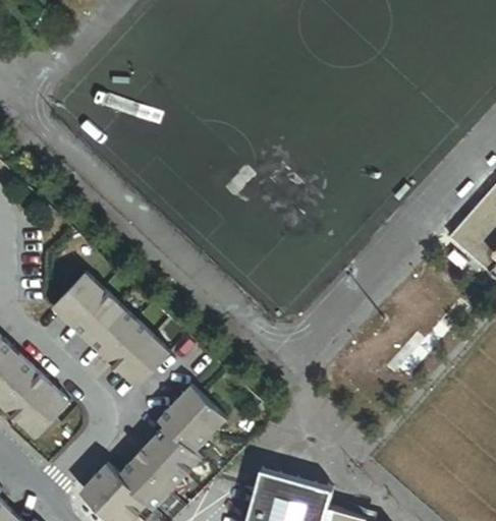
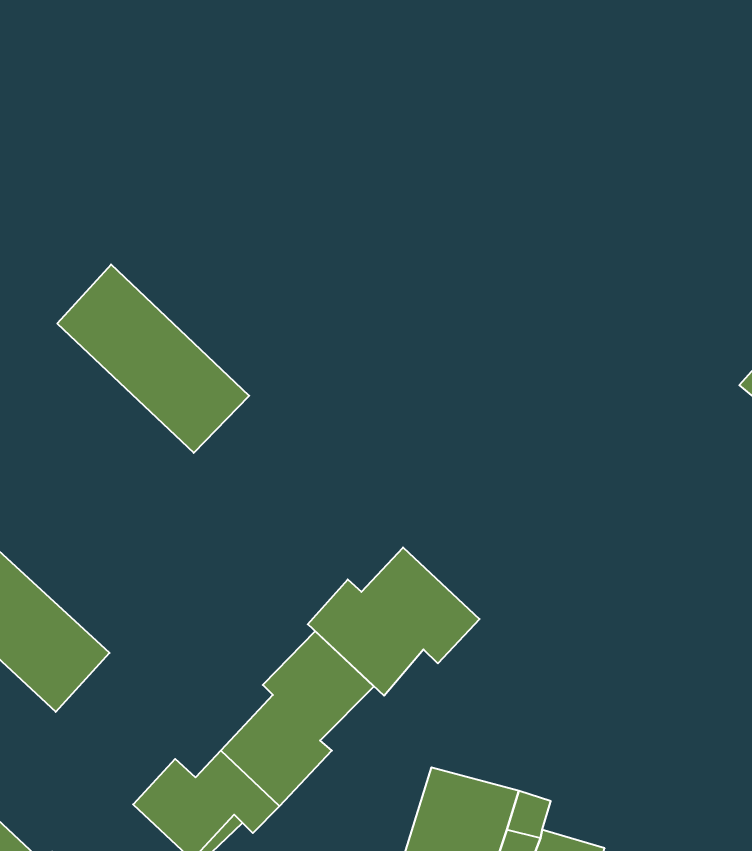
building: [54,272,170,386] -> [57,264,249,453]
building: none -> [308,547,480,696]

